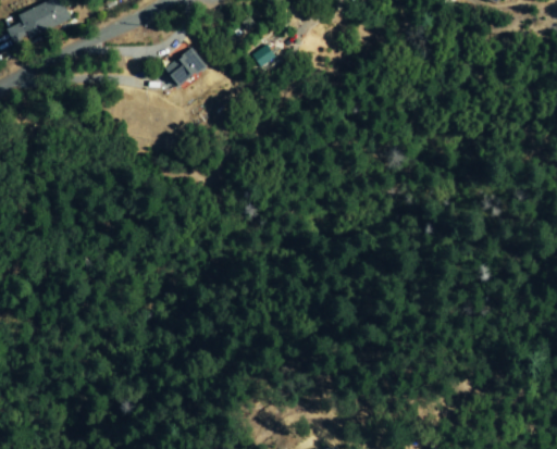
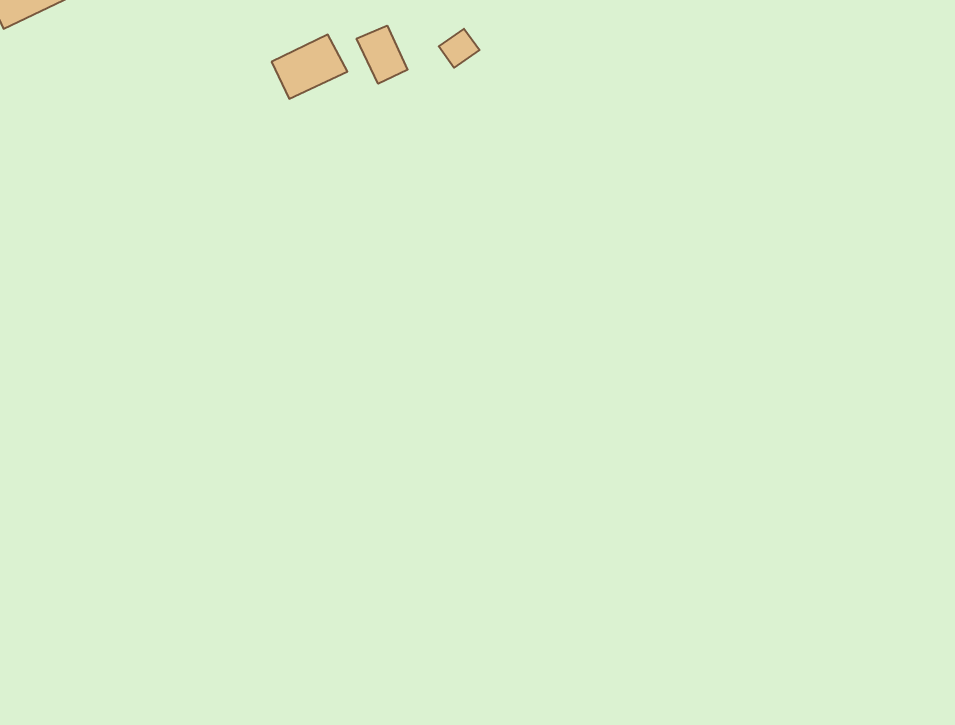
building: none -> [357,26,408,84]

